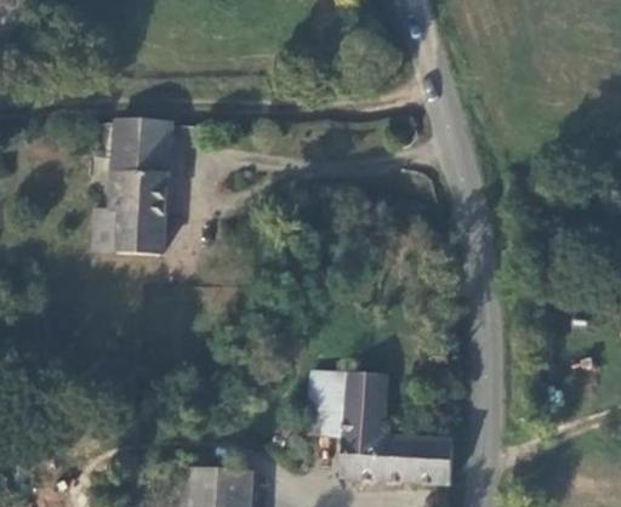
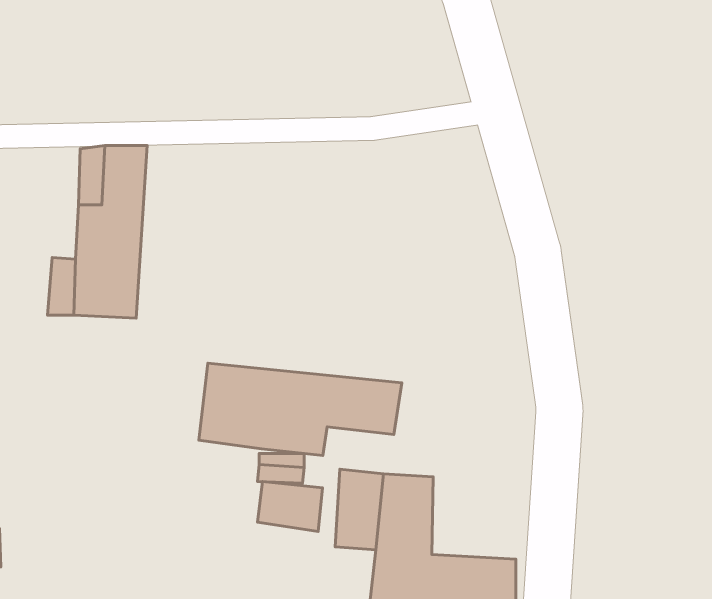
building: none -> [199,363,402,456]
building: none -> [257,482,322,532]

